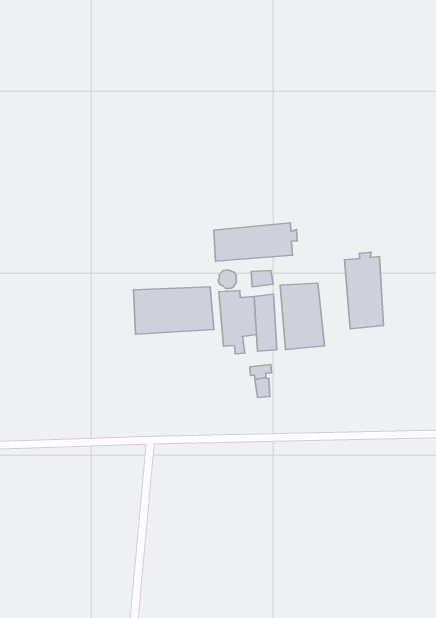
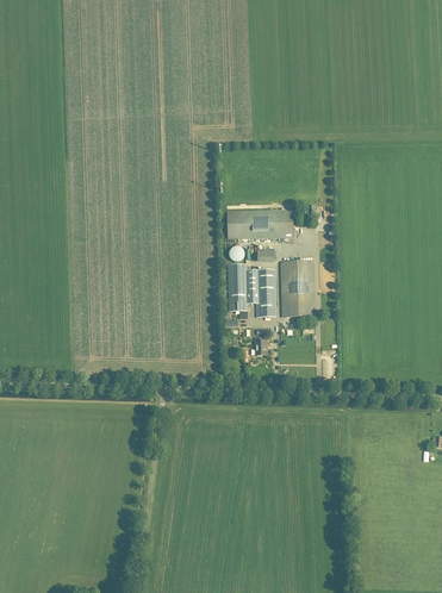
building: [345,252,384,329] -> none
building: [133,287,214,334] -> none

